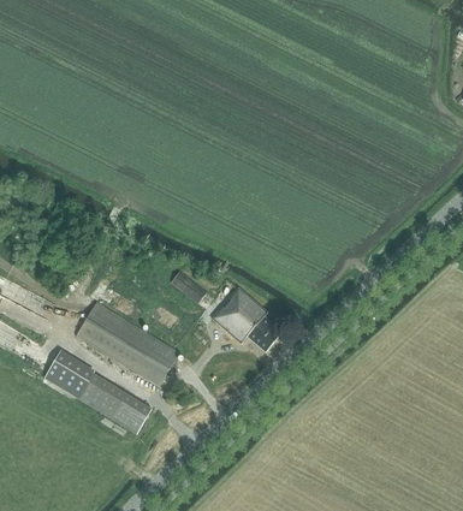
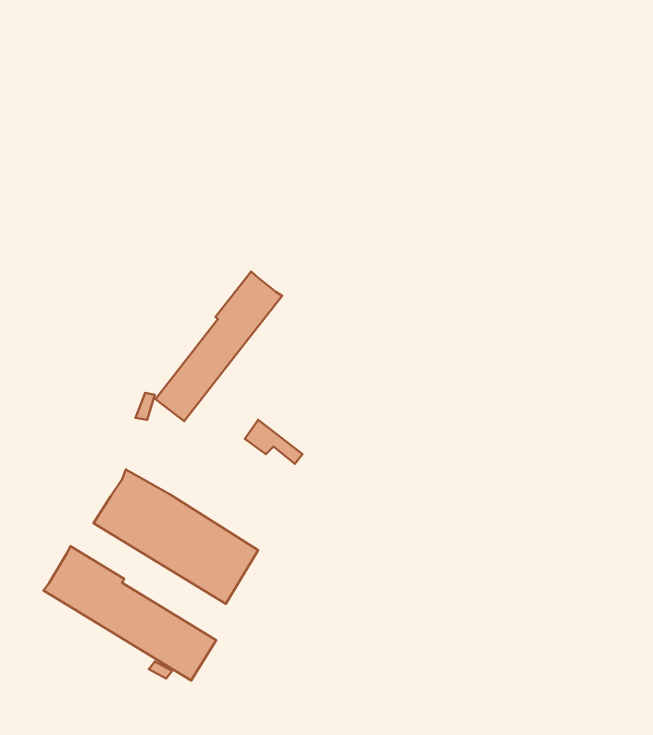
building: none -> [155,271,282,421]
building: [212,289,281,352] -> none

